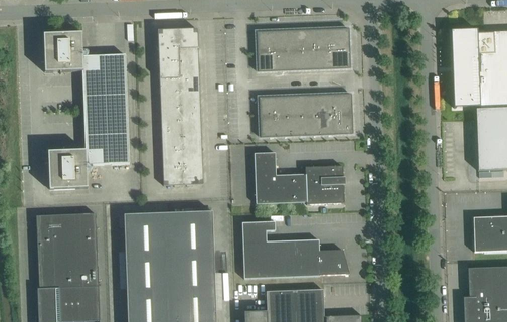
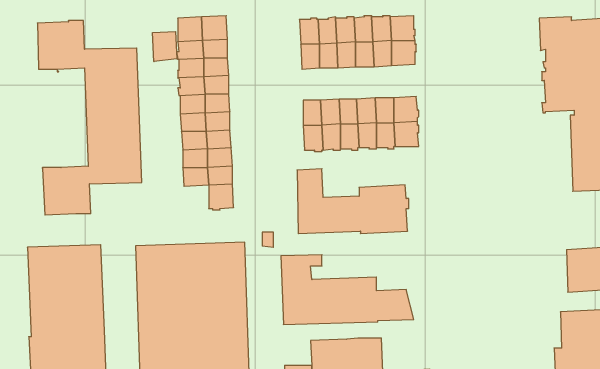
building: none -> [153,32,177,62]
building: [163,164,183,185] -> none

